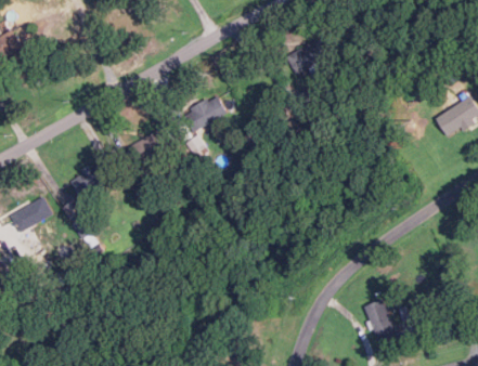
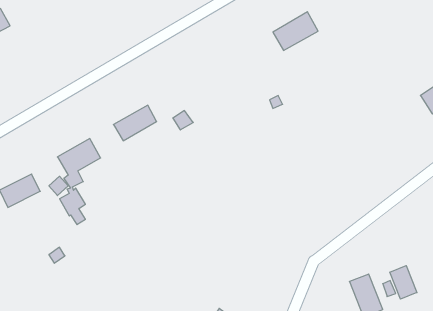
building: [184,95,228,132] -> none
building: none -> [390,266,417,299]

